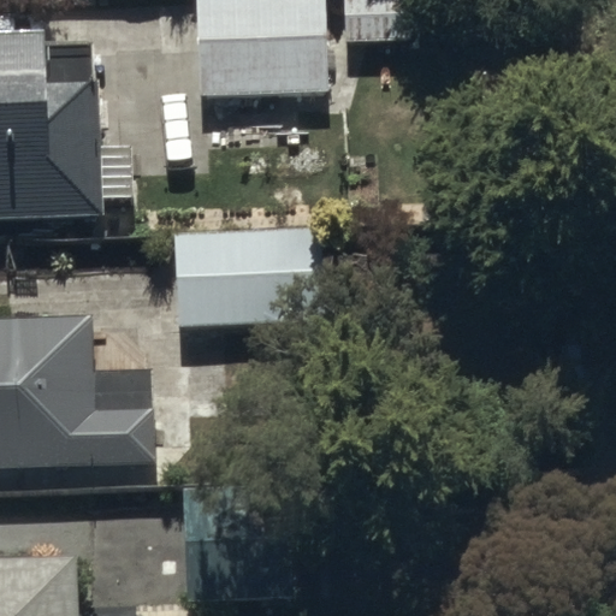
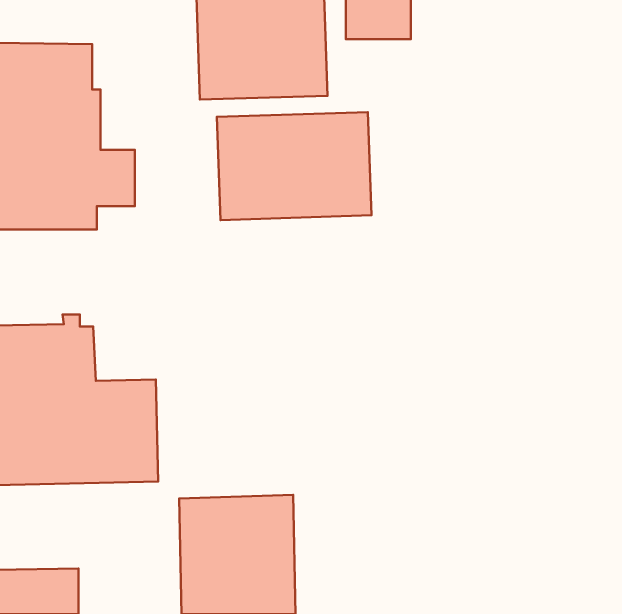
building: [168,227,320,333] -> [217,112,372,220]

